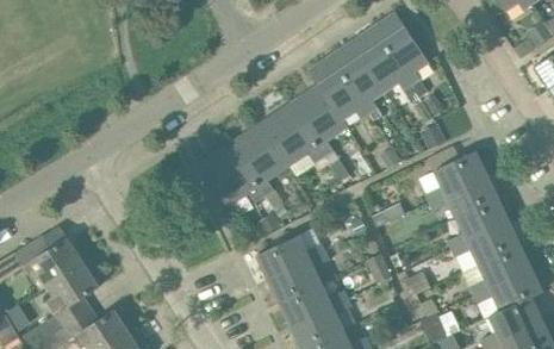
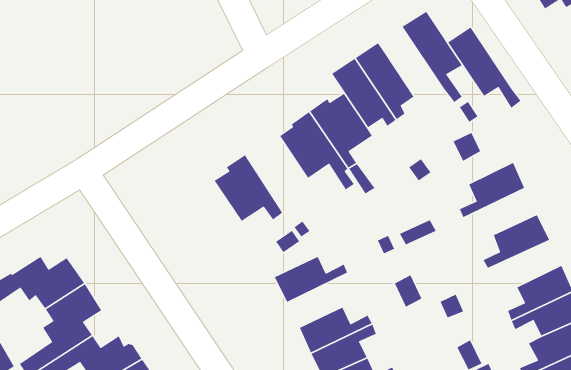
building: [351,26,419,101] -> [447,27,522,109]
building: [230,126,287,197] -> none
building: [429,174,497,217] -> none
building: [452,222,519,264] -> none
building: [268,251,329,301] -> none

